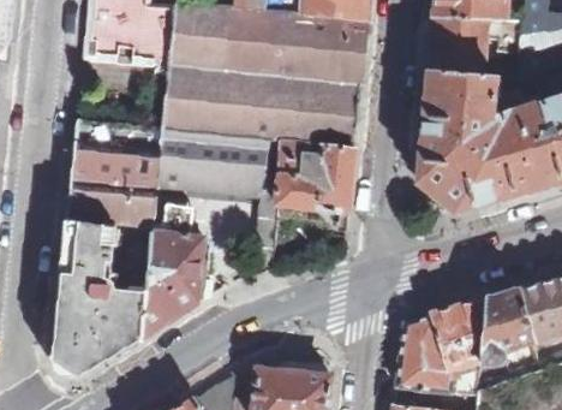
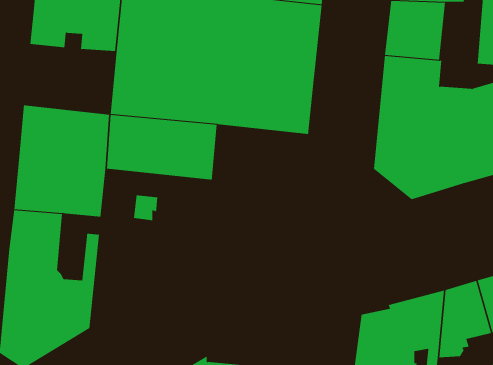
building: [251,138,353,277] -> none
building: [140,231,204,337] -> none

